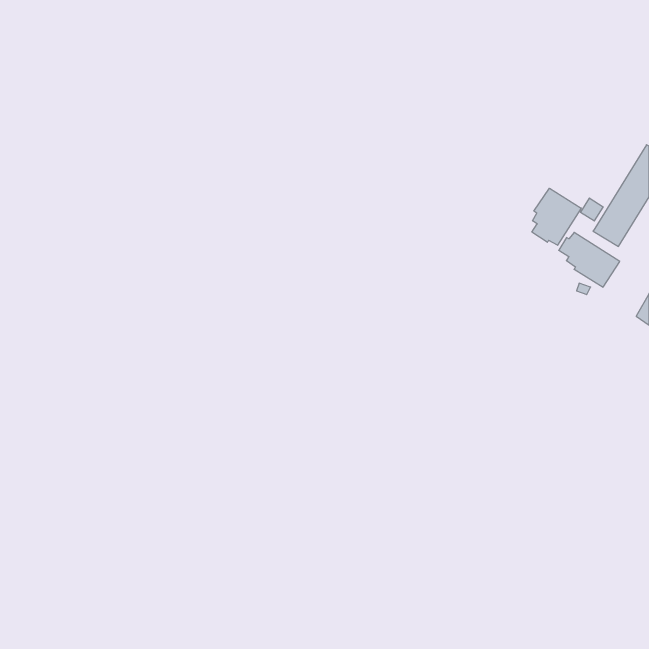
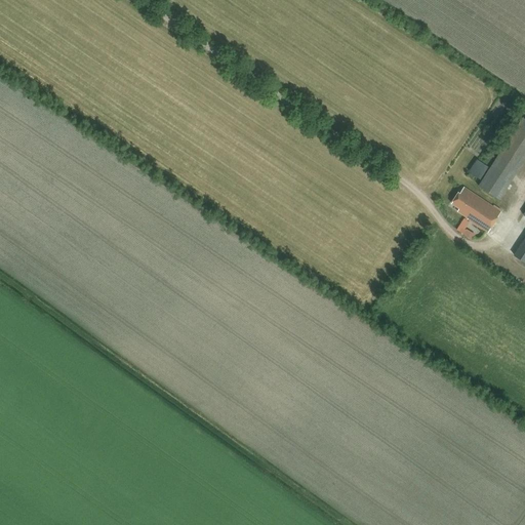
building: [532,188,581,245] -> none

